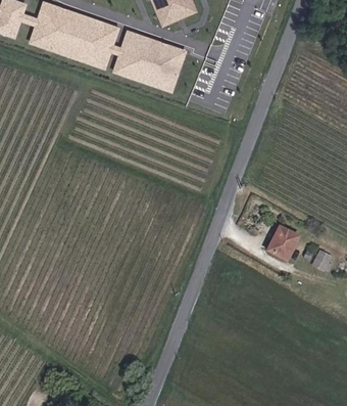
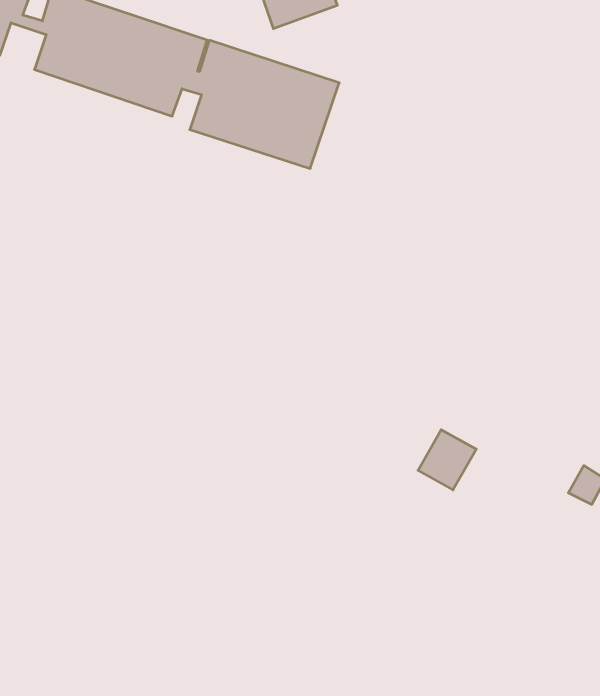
building: [266,227,297,259] -> [418,430,476,490]

